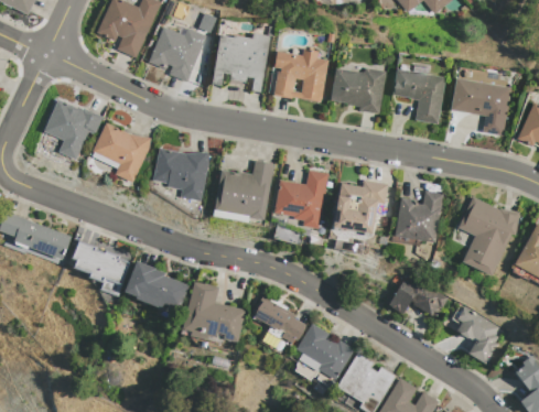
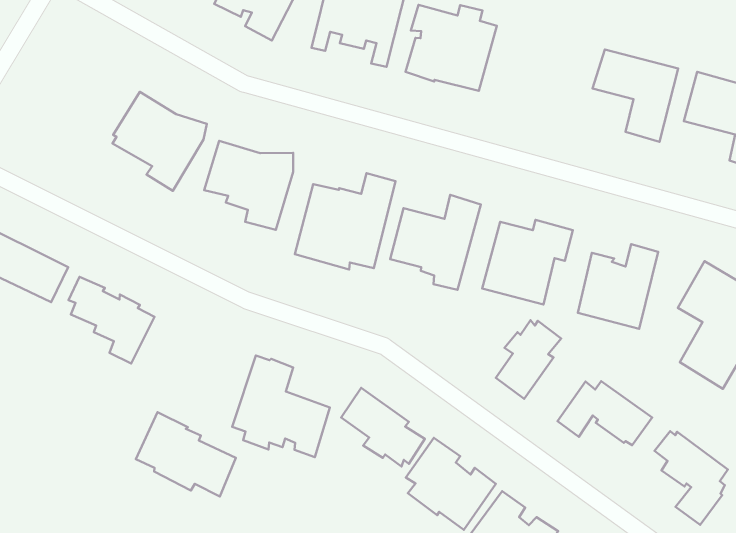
building: [331,68,386,115] -> none
building: [44,100,103,160] -> none
building: none -> [496,320,561,399]
building: [126,261,188,311] -> [136,412,236,497]

